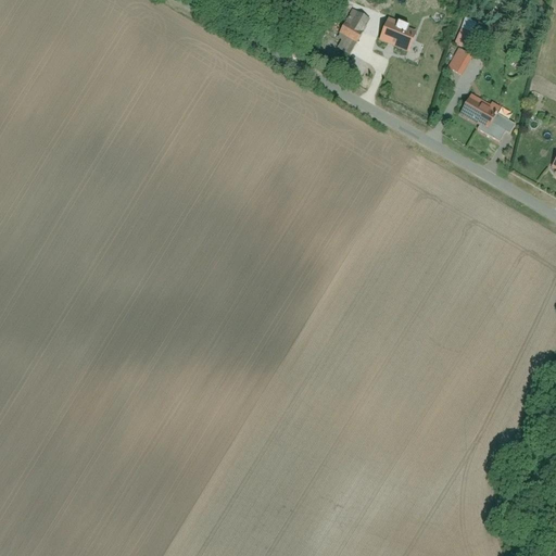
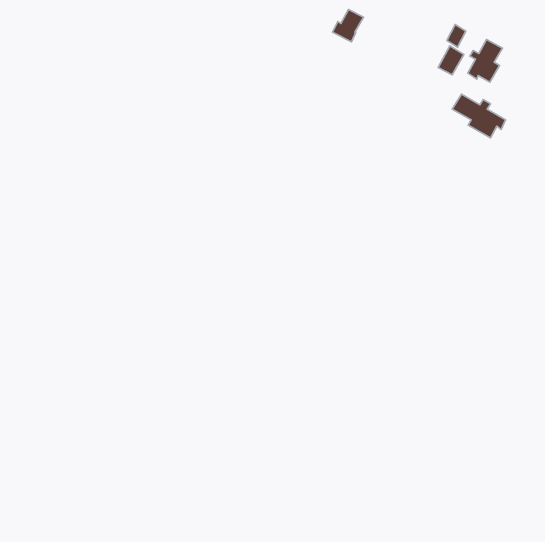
building: [380,15,415,48] -> none
building: none -> [468,40,502,82]

